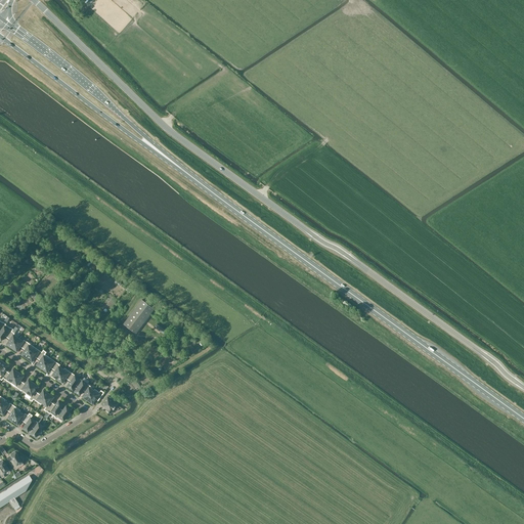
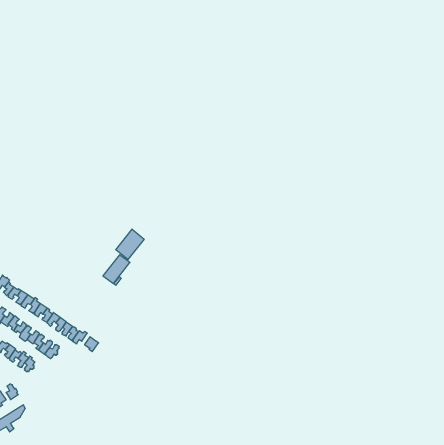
building: none -> [116,229,144,260]

